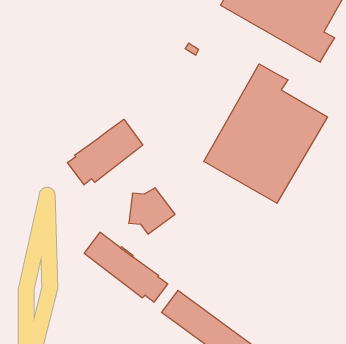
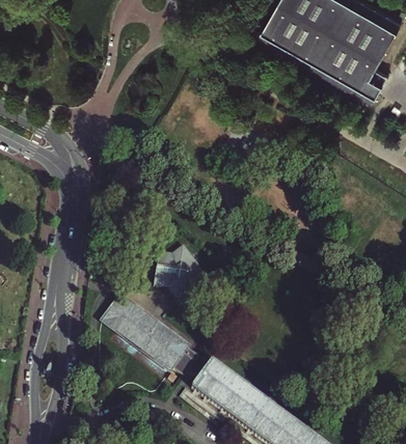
building: [204,64,328,203] -> none
building: [67,119,143,185] -> none

